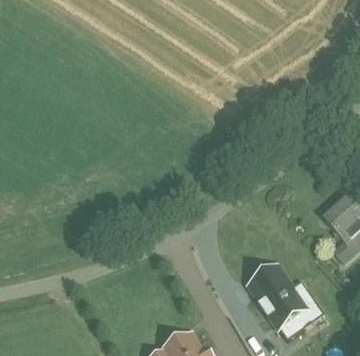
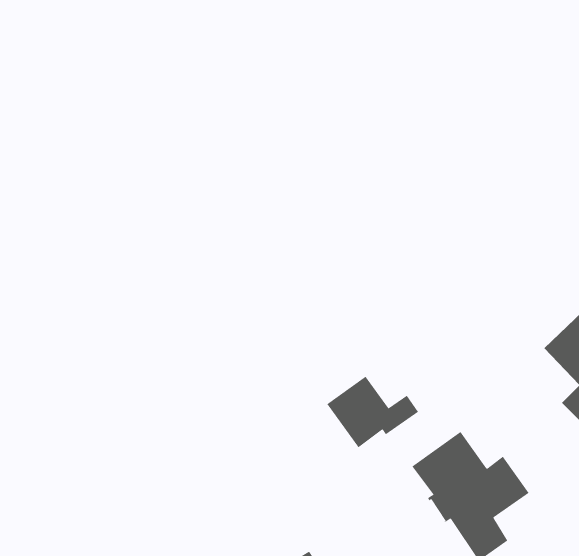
building: none -> [327,376,419,448]

